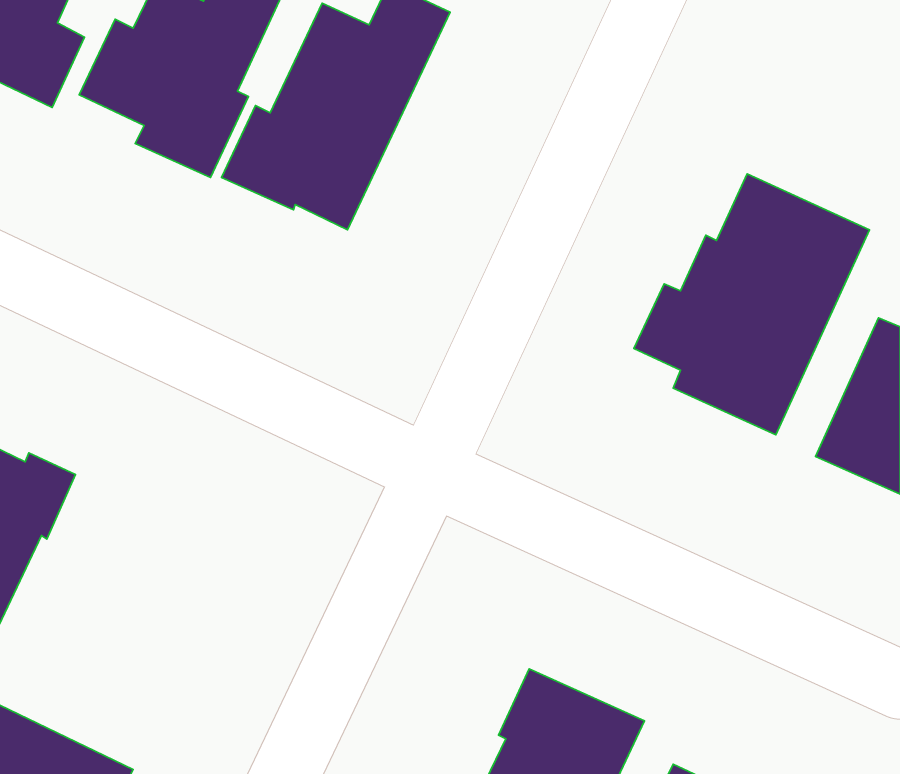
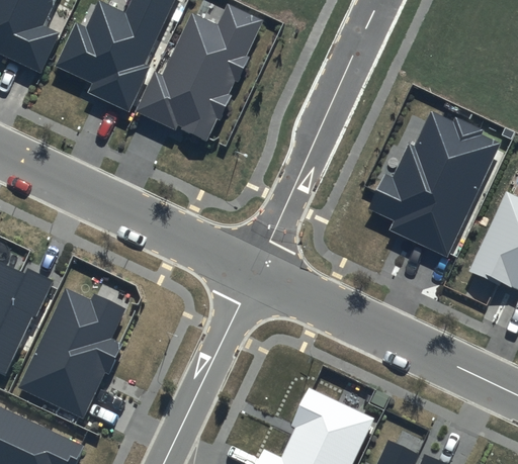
building: none -> [18,289,125,417]

